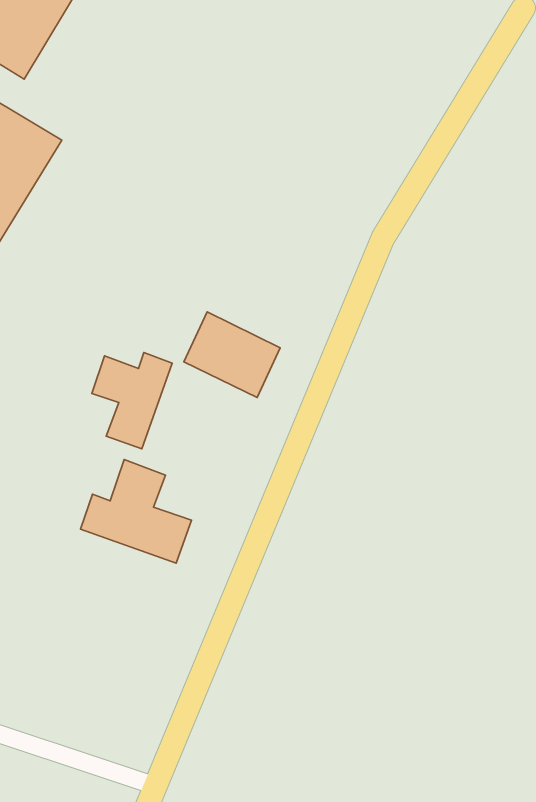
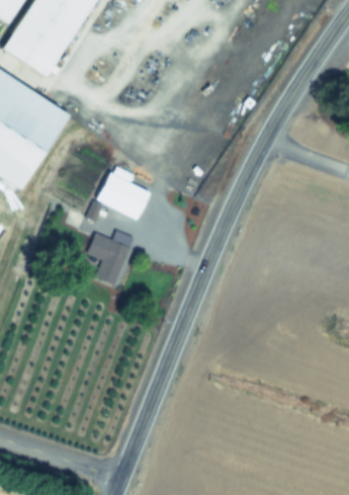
building: [184,312,280,398] -> [96,172,151,221]
building: [81,460,192,563] -> none

